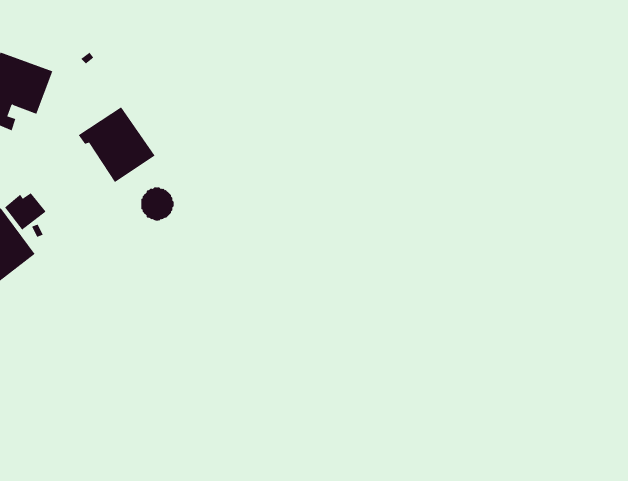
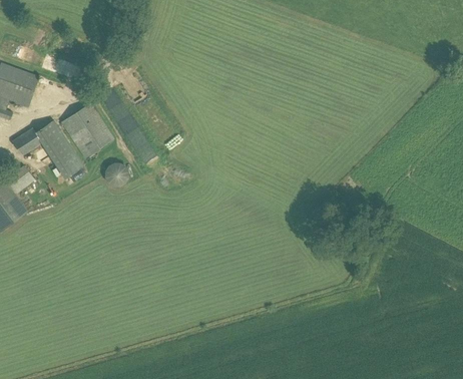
building: none -> [11,119,83,178]

